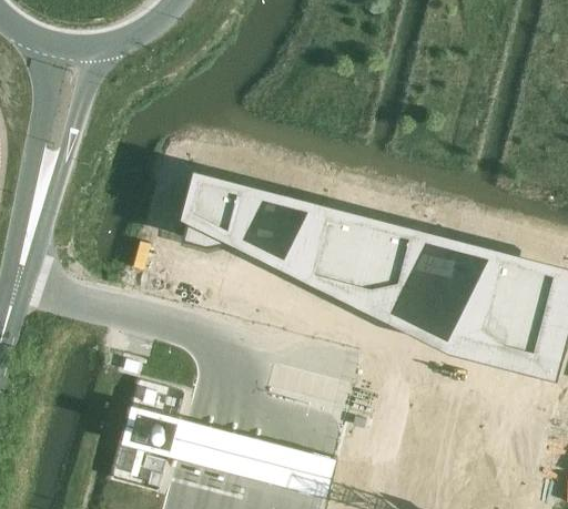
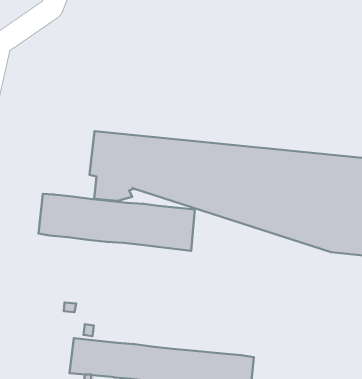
building: none -> [38,194,195,251]

